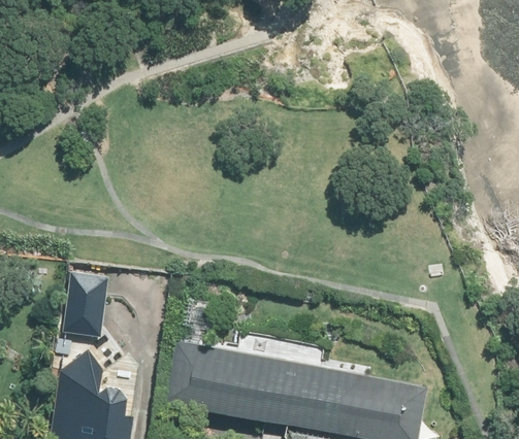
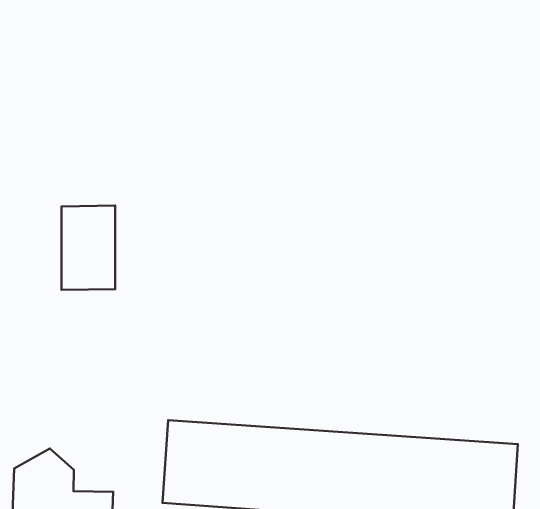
building: [63,270,109,335] -> [61,206,115,290]

